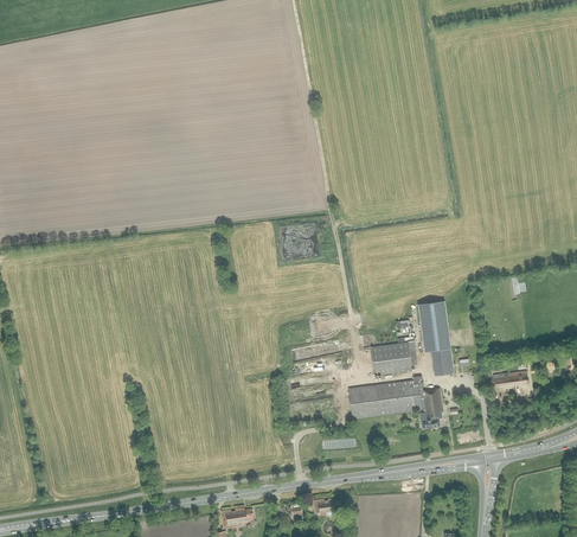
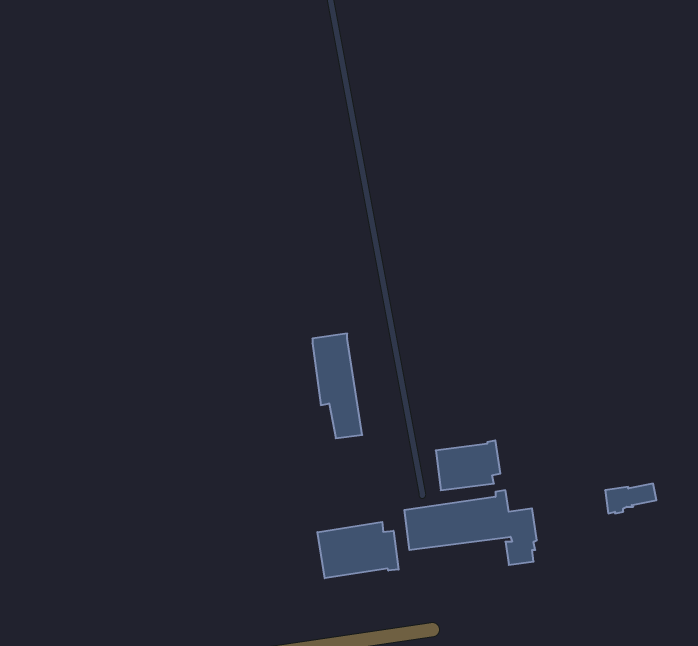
building: [418,300,454,375] -> [312,334,362,438]
building: none -> [317,522,399,578]

